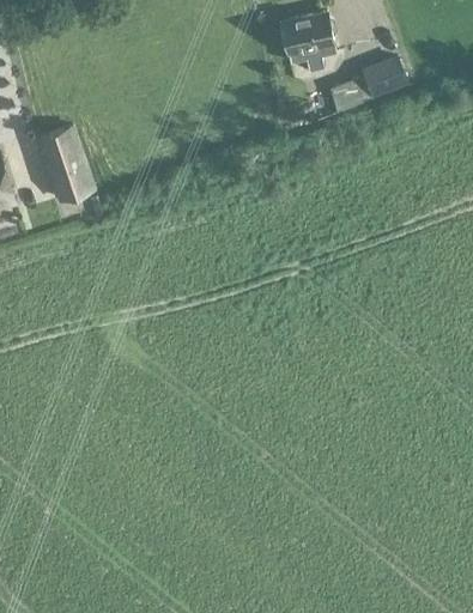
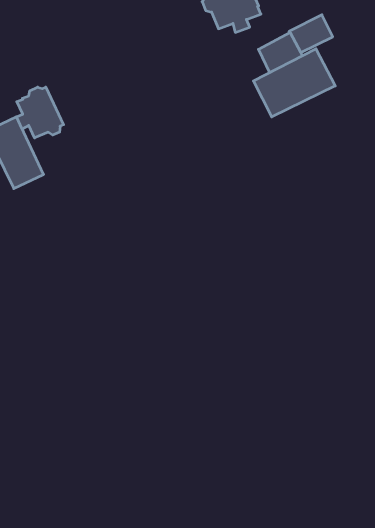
building: none -> [253,49,335,117]
building: none -> [16,87,64,138]

